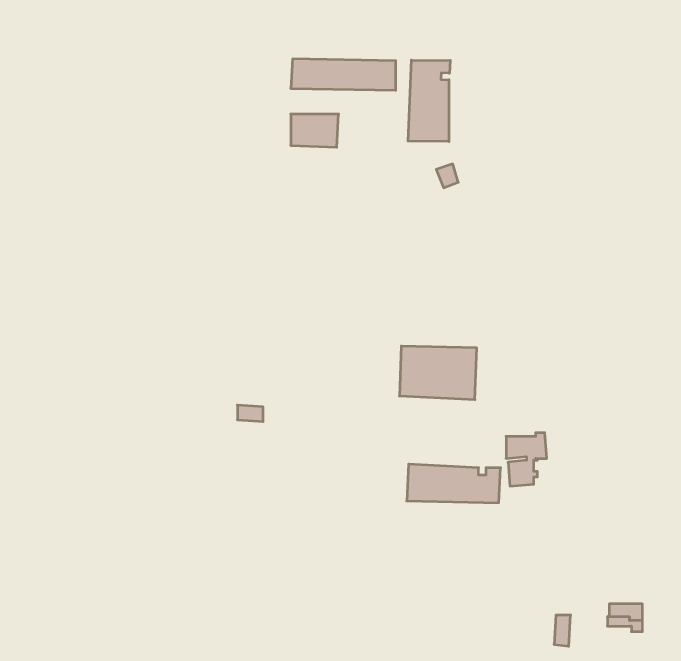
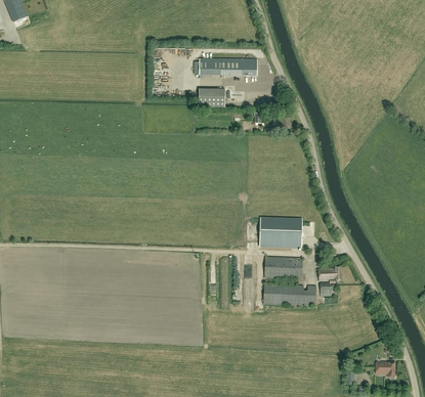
building: [408,60,450,142] -> none
building: none -> [263,256,301,279]

